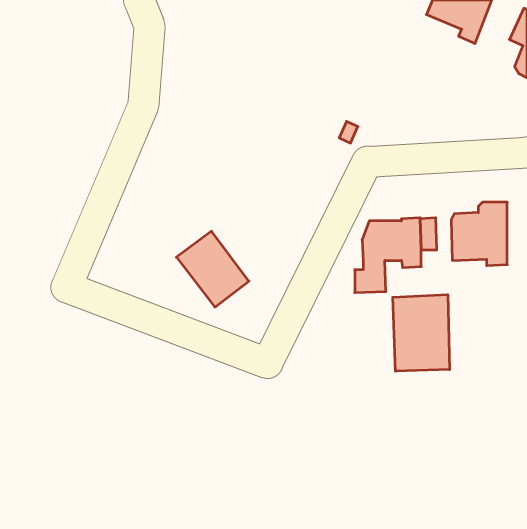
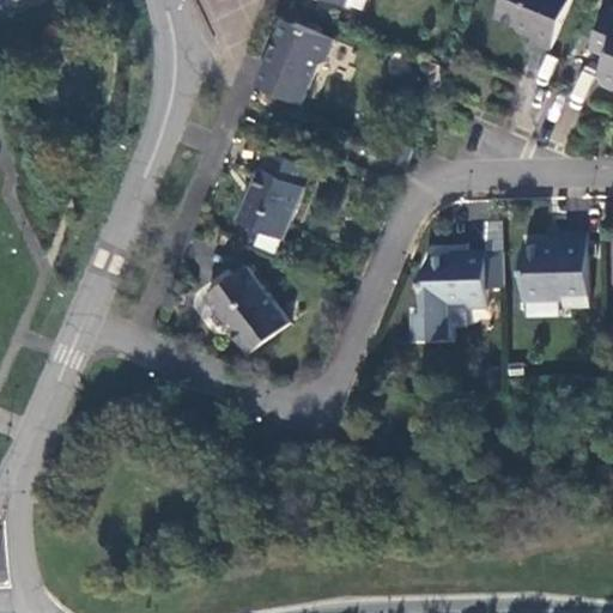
building: none -> [255,18,335,104]
building: none -> [236,152,310,242]
building: [393,295,450,371] -> none

